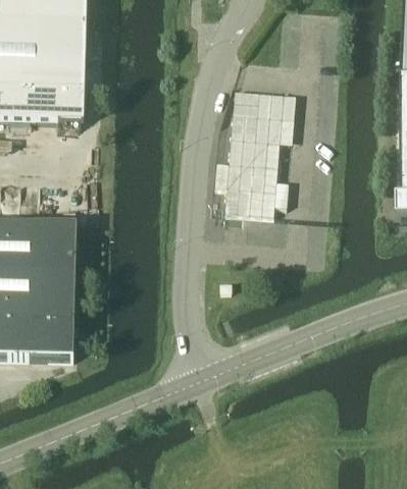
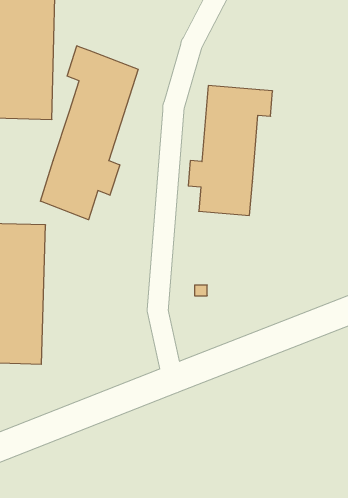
building: none -> [40,46,138,220]

